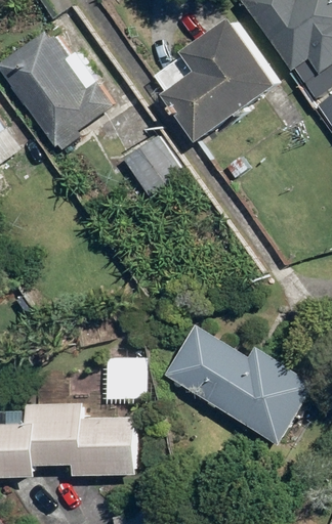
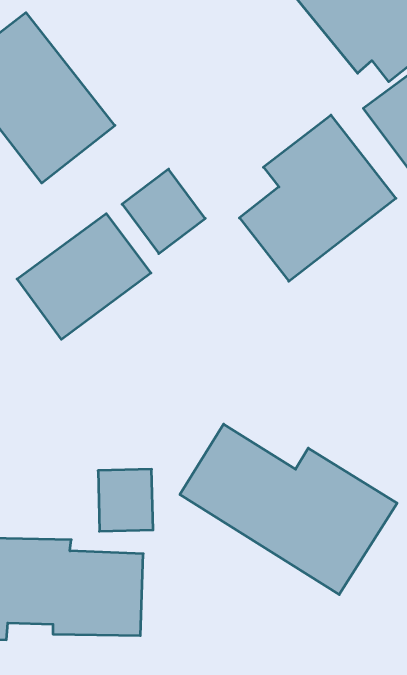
building: [162,19,276,140] -> [239,115,396,281]
building: none -> [17,214,151,339]

